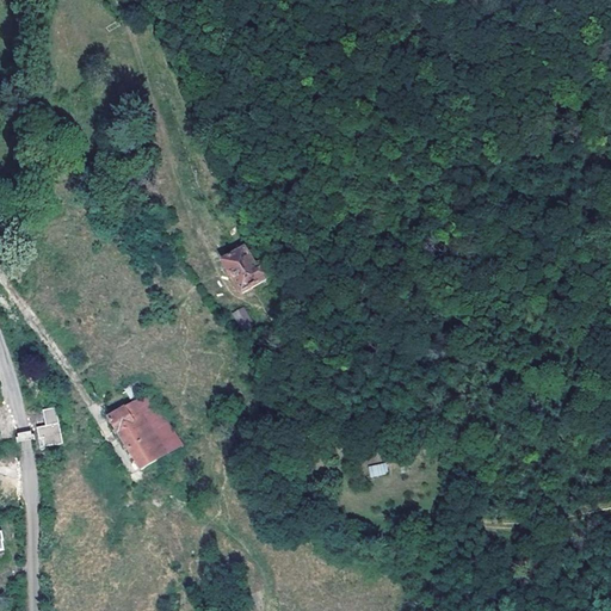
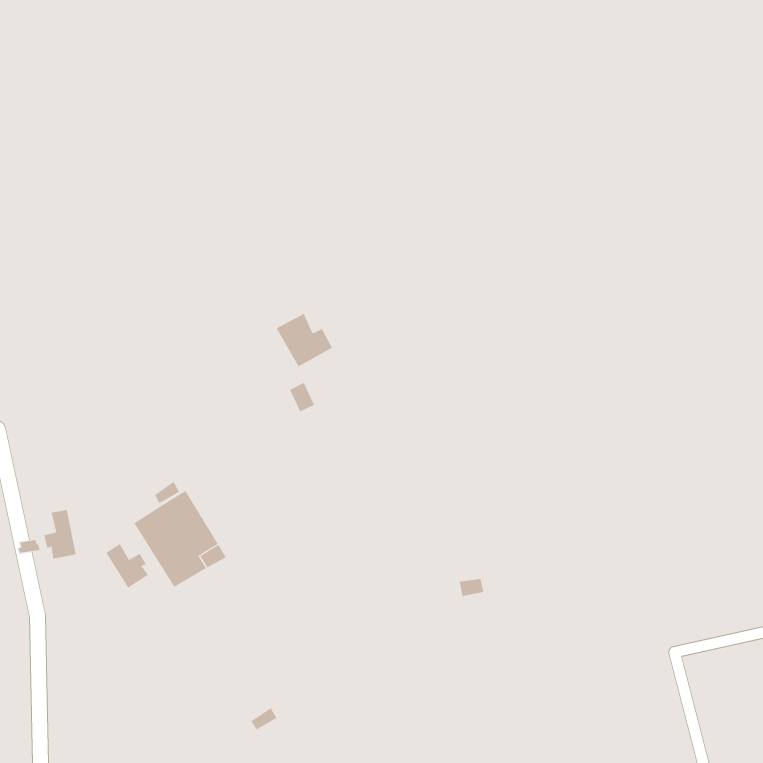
building: none -> [106,543,149,589]

